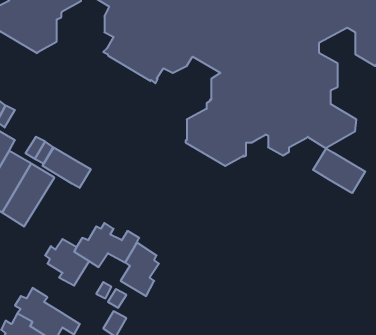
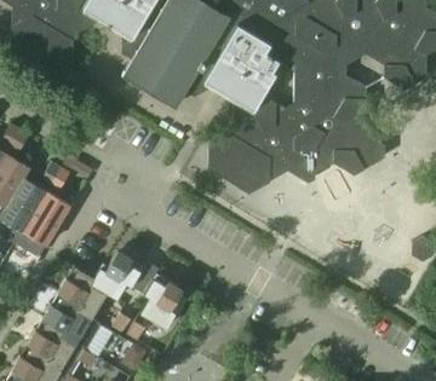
building: [43,147,91,188] -> none
building: [313,148,365,193] -> none
building: none -> [45,294,91,344]

